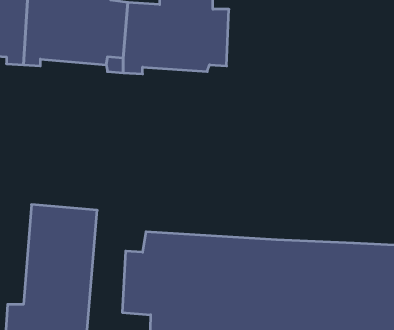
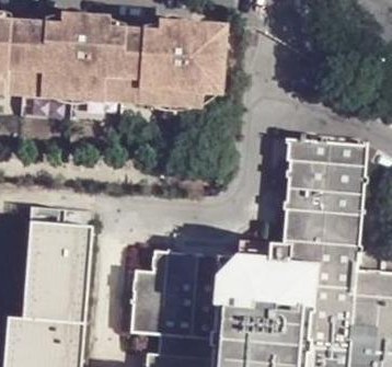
building: none -> [270,134,354,263]

